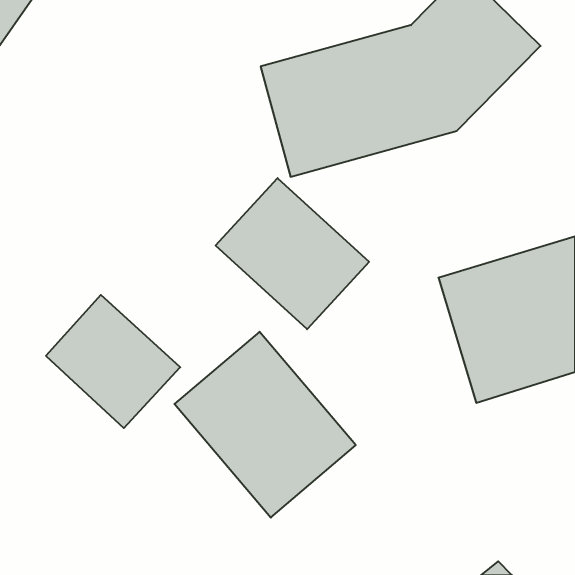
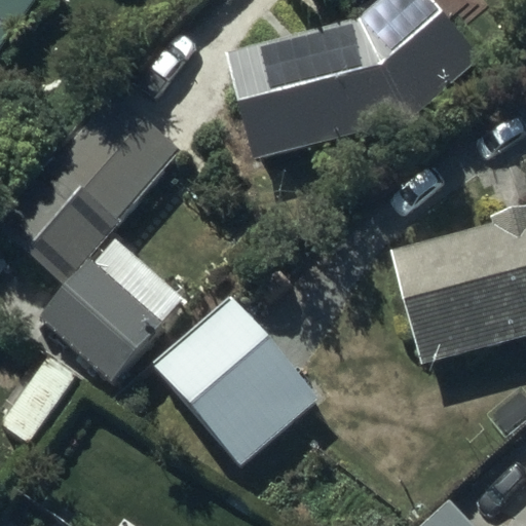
building: none -> [7,101,180,279]
building: [216,178,369,329] -> none

